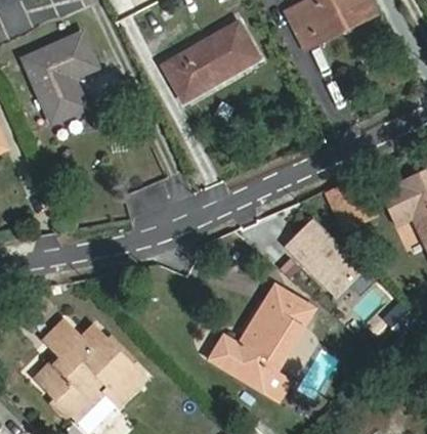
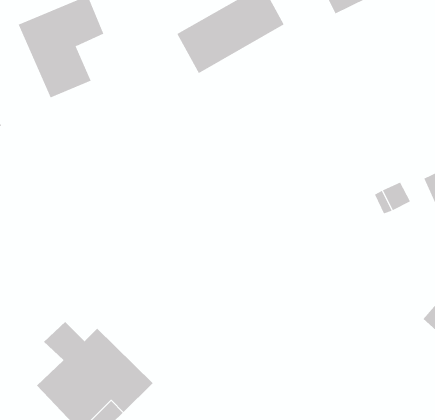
building: [289,220,367,295] -> none
building: [212,287,310,398] -> none

